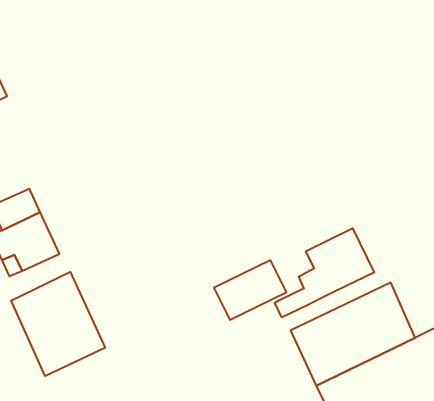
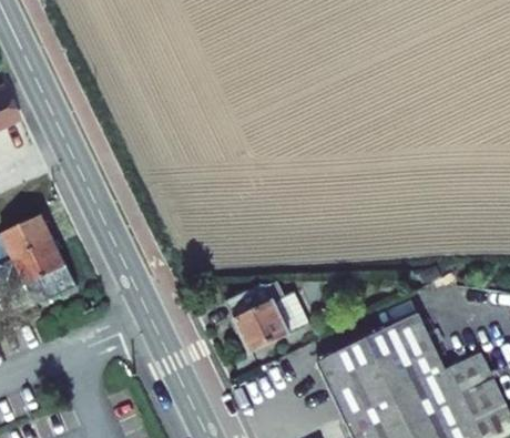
building: [275,228,374,317] -> none
building: [11,272,105,376] -> none

